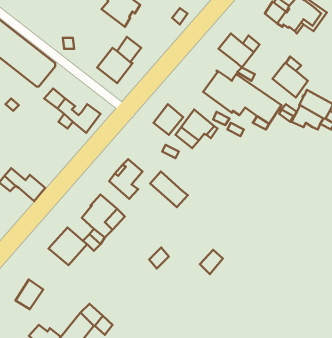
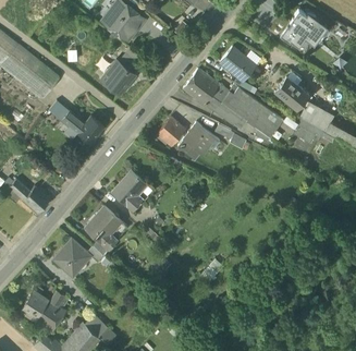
building: none -> [183,69,219,105]
building: [150,172,188,207] -> none
building: none -> [34,291,67,330]

